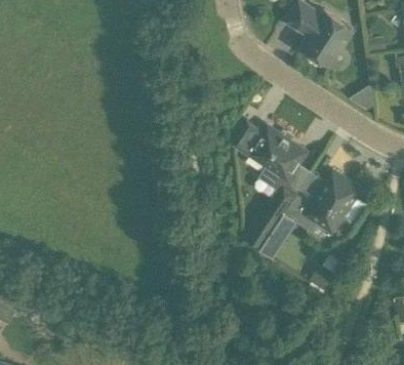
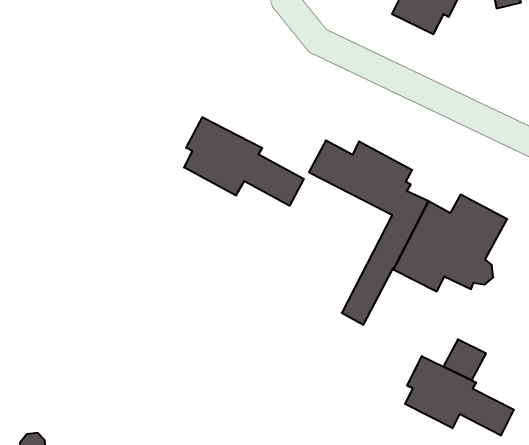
building: none -> [184,117,304,206]
building: none -> [405,356,514,435]

